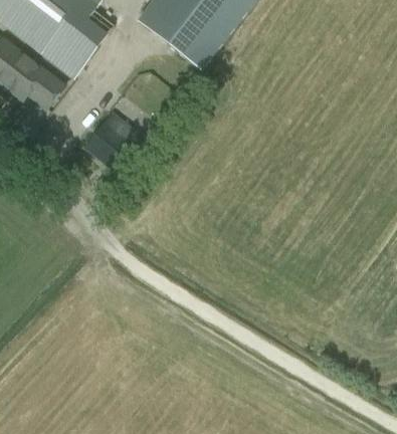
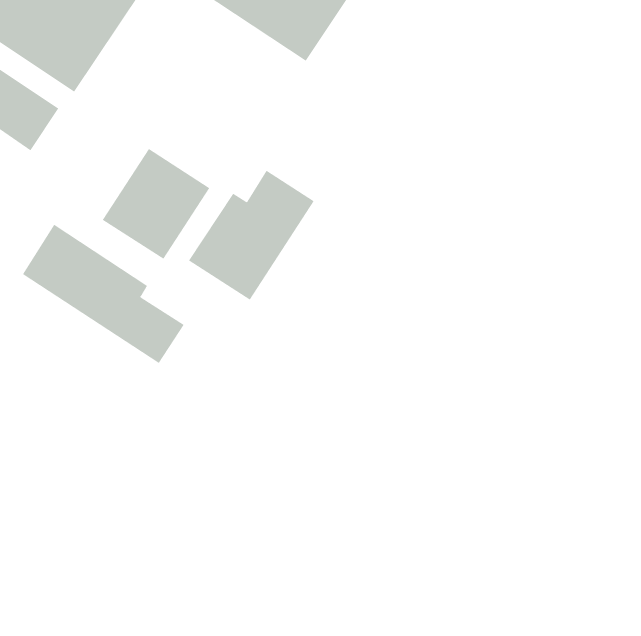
building: none -> [188,170,315,301]
building: none -> [22,224,184,364]

